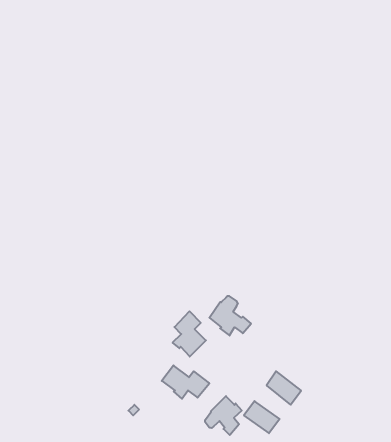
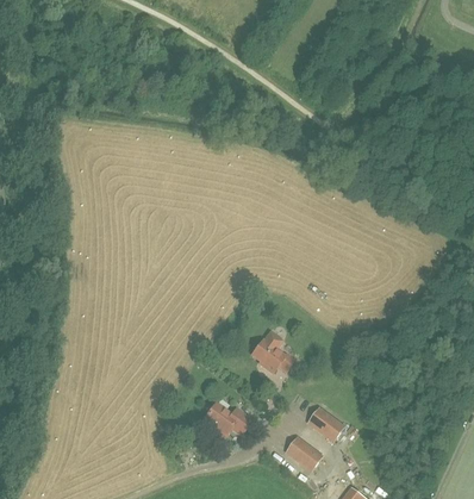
building: [173,311,206,357] -> none
building: [205,396,242,435] -> none

